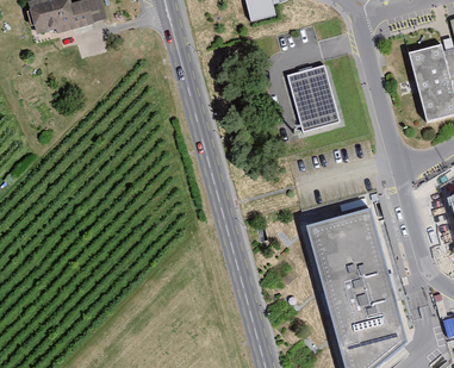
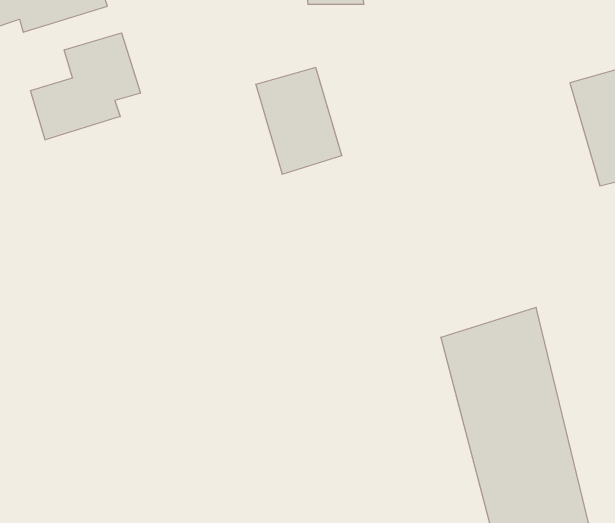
building: none -> [31,33,140,140]
building: [286,68,341,136] -> [256,68,342,174]

